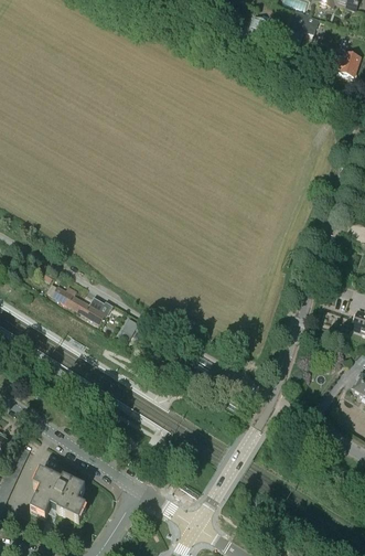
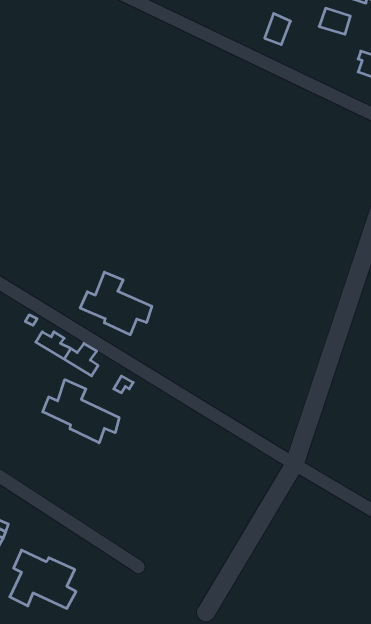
building: none -> [80,272,152,335]
building: none -> [43,380,119,443]

